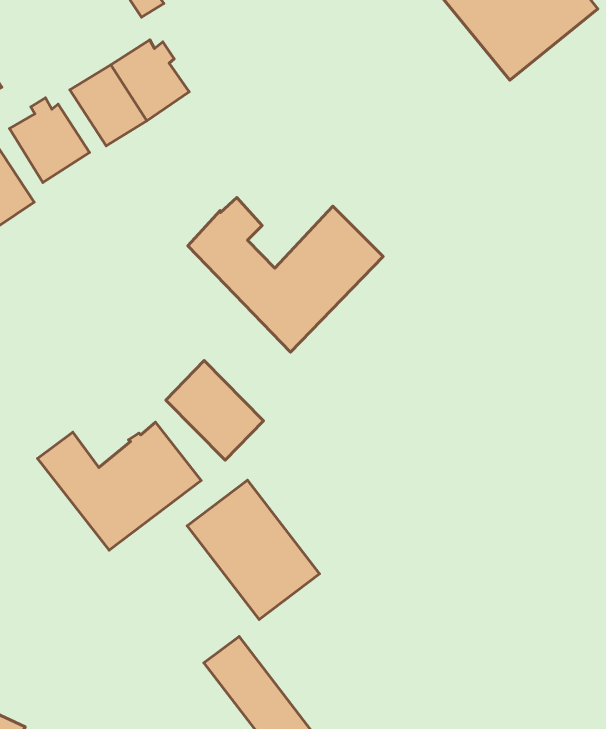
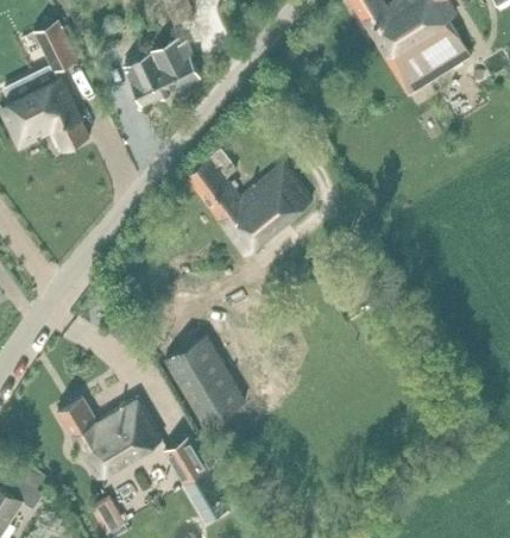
building: [9,98,90,183] -> none
building: [166,361,263,460] -> none
building: [37,422,201,550] -> [57,396,162,476]

